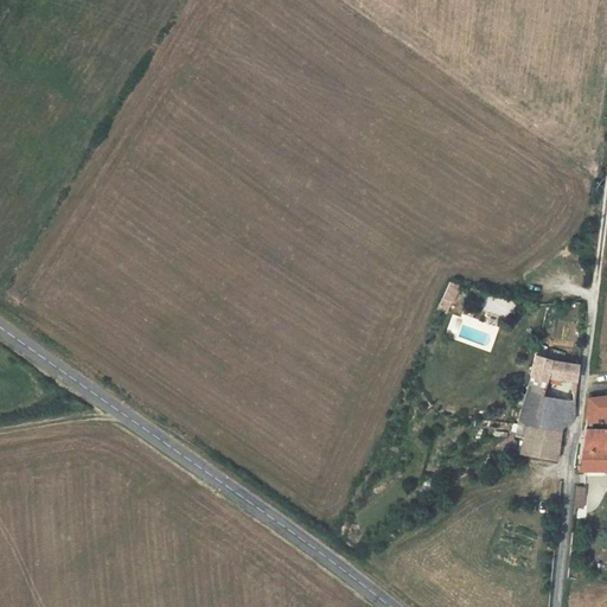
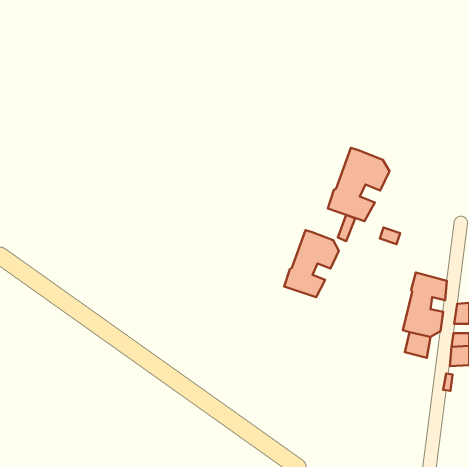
building: none -> [328,148,390,221]
building: none -> [284,230,339,297]

